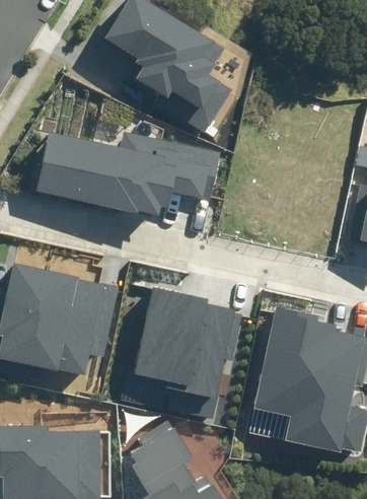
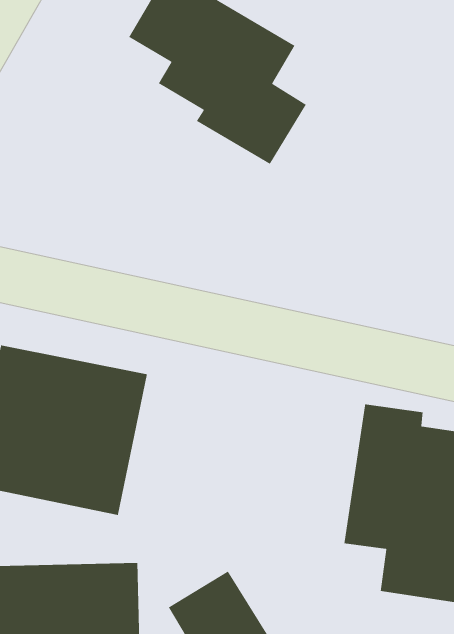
building: [33,131,220,217] -> none
building: [131,293,234,417] -> none

